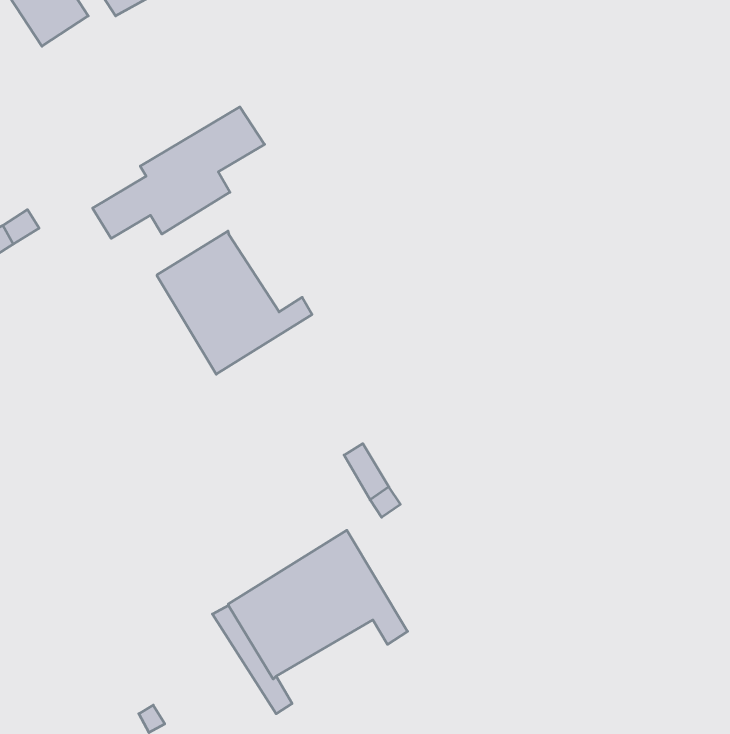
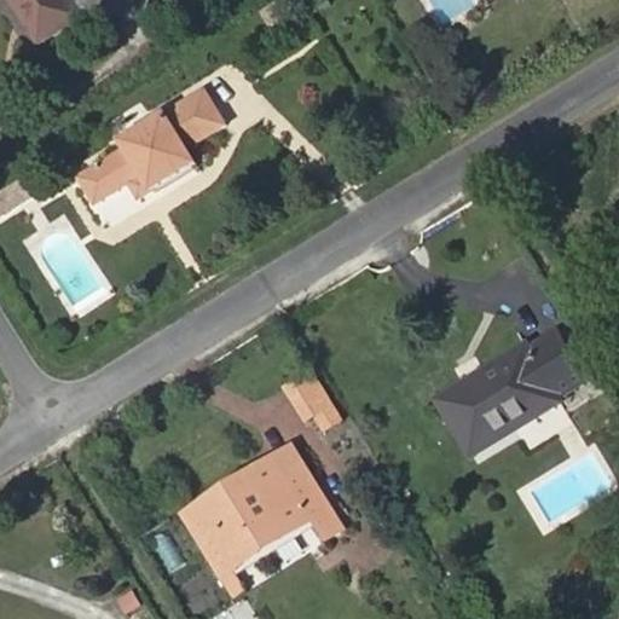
building: [157,231,312,374] -> none
building: none -> [435,330,585,453]

